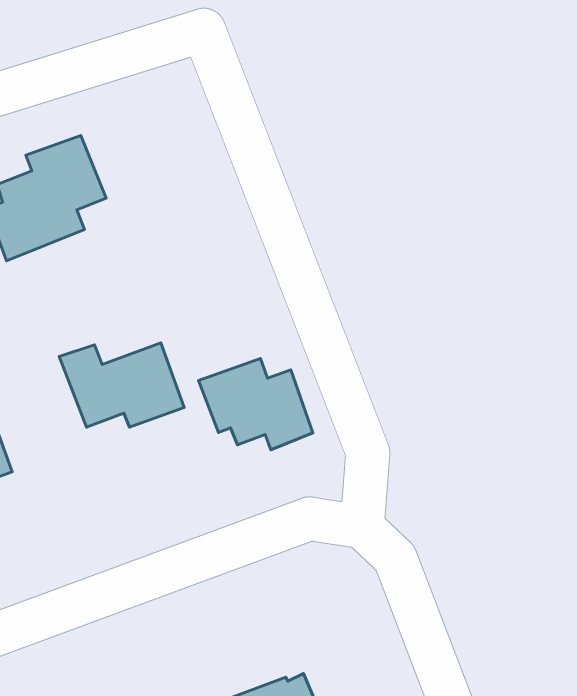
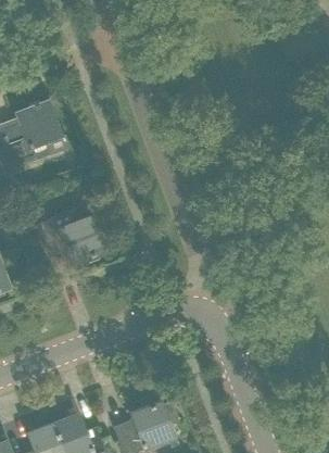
building: [199,358,313,450] -> none

